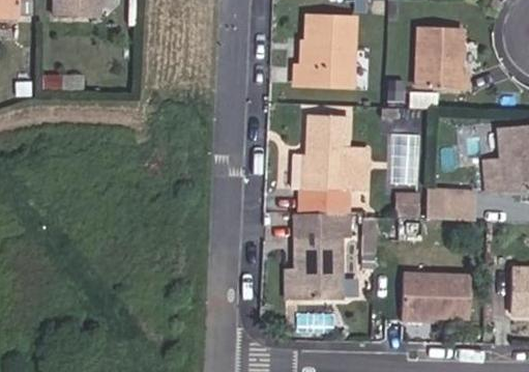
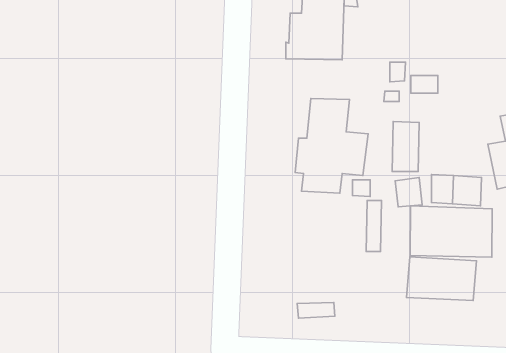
building: [416,27,475,88] -> none
building: [284,214,352,313] -> none
building: none -> [410,206,492,257]

